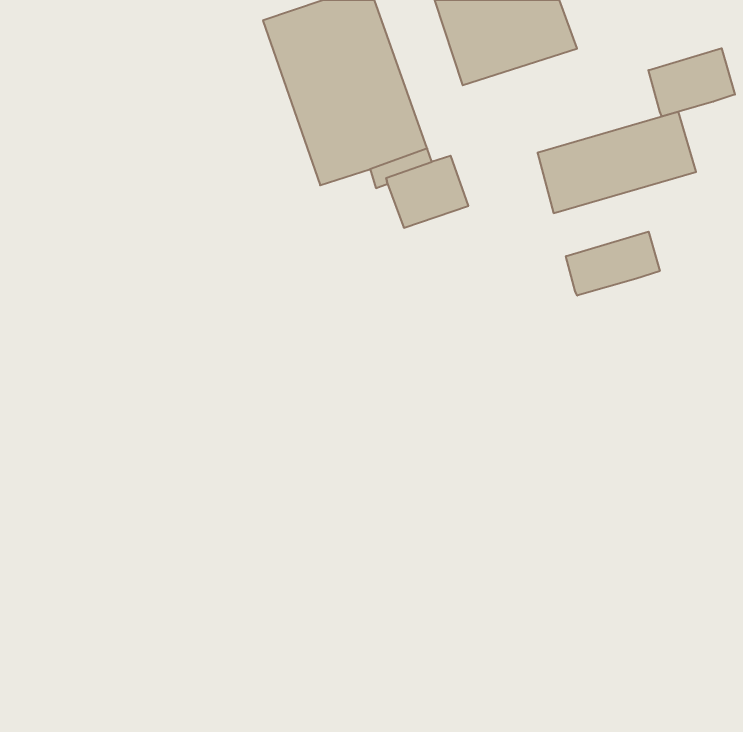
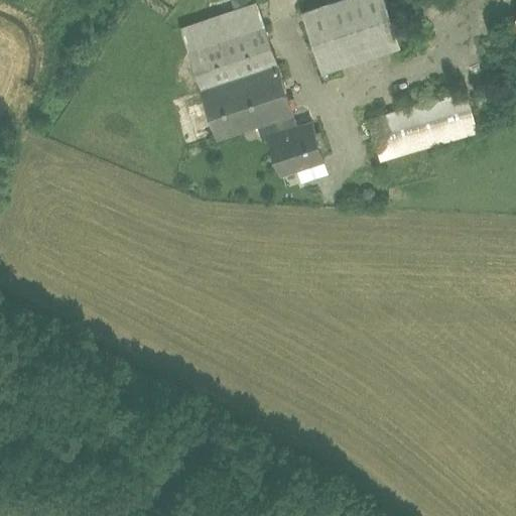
building: [648,48,735,116] -> none
building: [566,232,660,296] -> none

